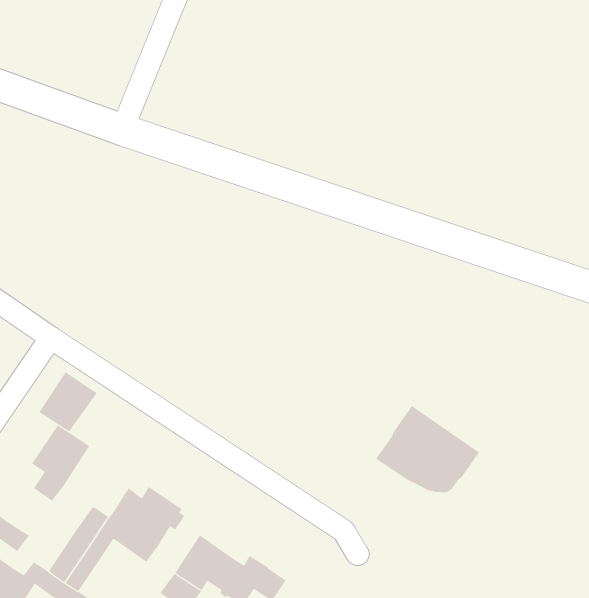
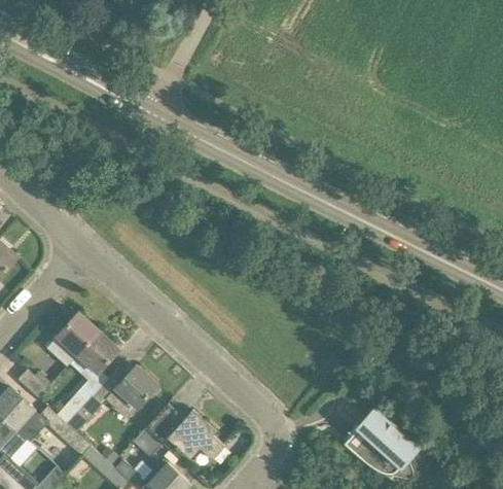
building: [39,372,97,432] -> [76,330,119,374]
building: [375,405,480,493] -> [344,409,418,474]

